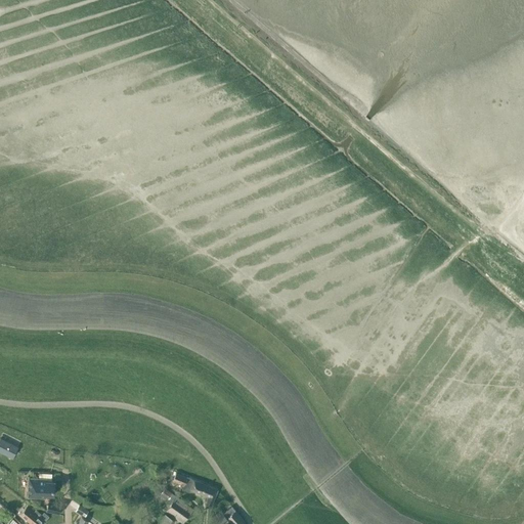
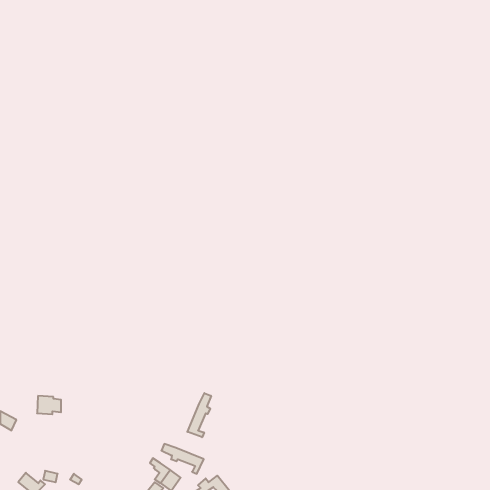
building: none -> [187,393,211,437]
building: [29,479,54,498] -> [37,396,61,414]

